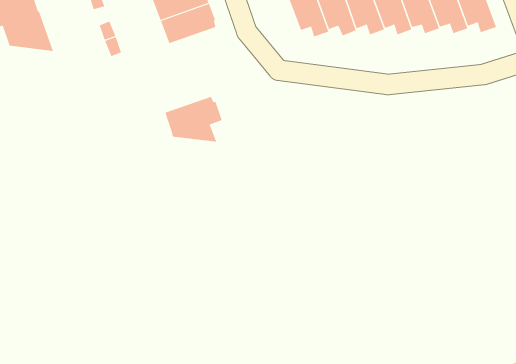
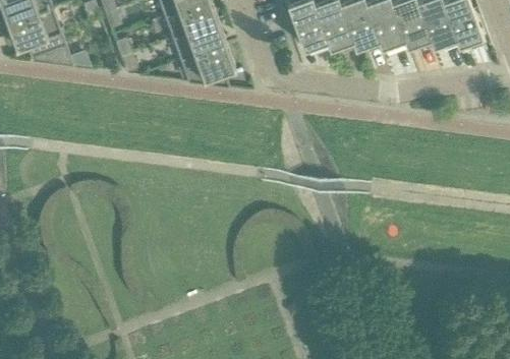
building: [165,96,223,142] -> [180,43,234,85]

